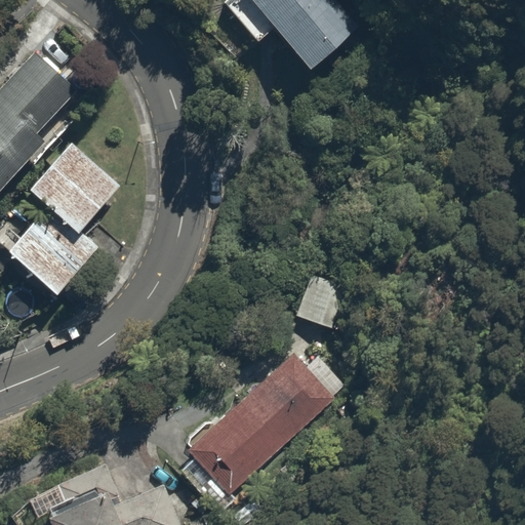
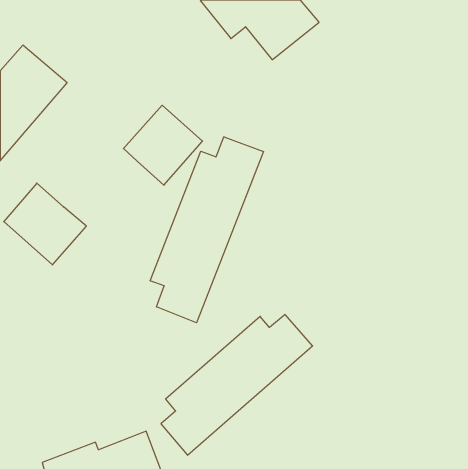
building: [28,143,116,232] -> [123,105,203,185]
building: none -> [150,137,263,323]
building: [293,269,351,331] -> none

